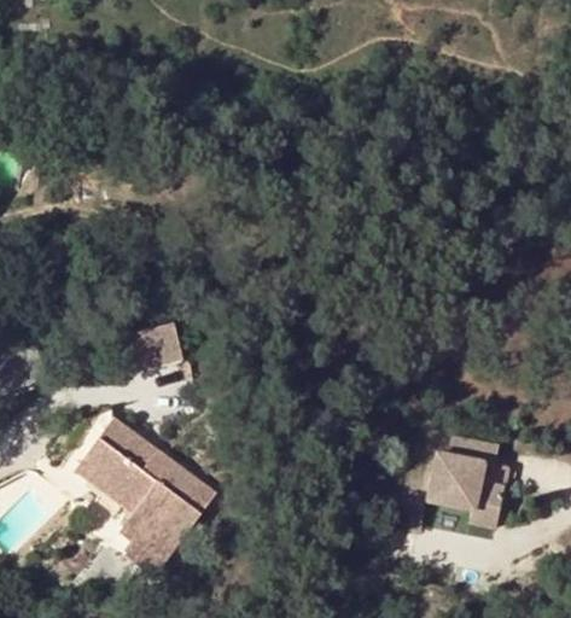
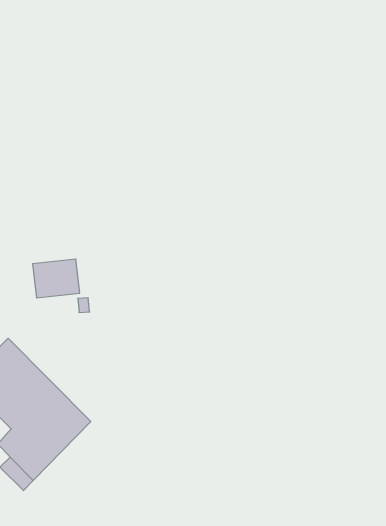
building: [415,442,495,532] -> none

